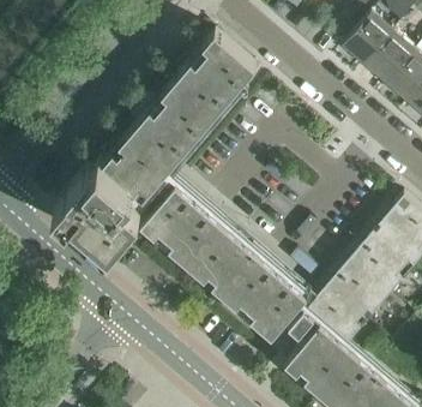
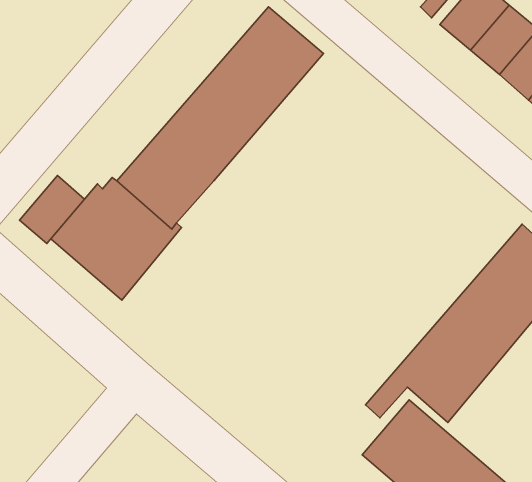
building: none -> [20,176,85,244]
building: [141,182,307,336] -> none

